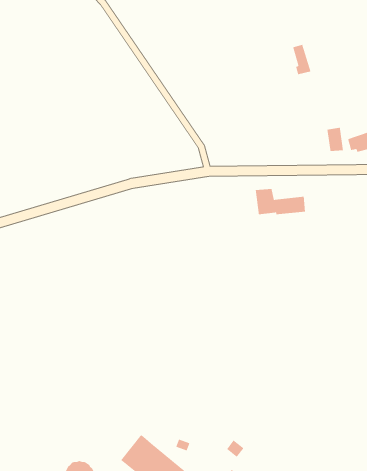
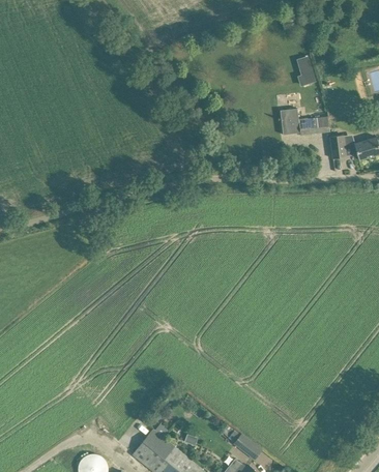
building: [255,188,306,215] -> [280,109,328,135]

